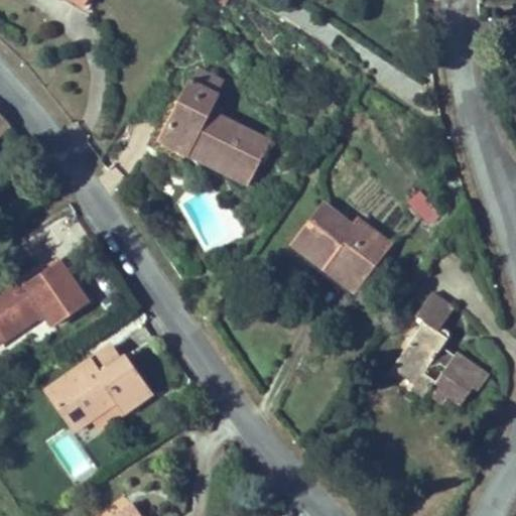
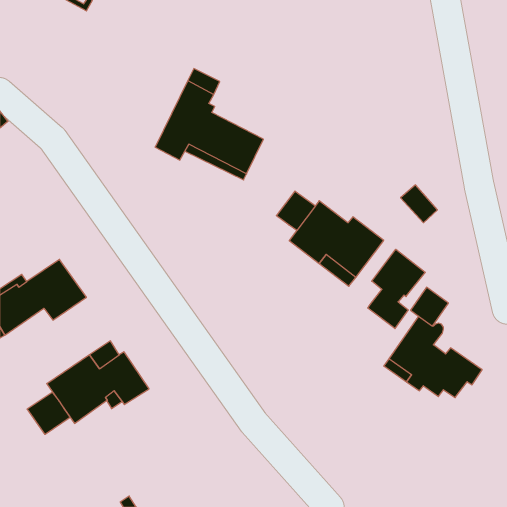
building: none -> [276,191,315,230]
building: none -> [368,249,425,329]
building: none -> [27,392,70,434]

